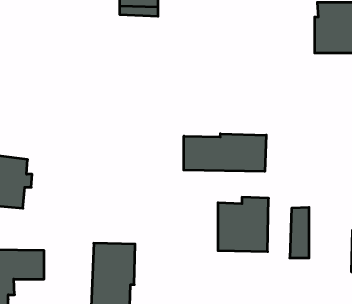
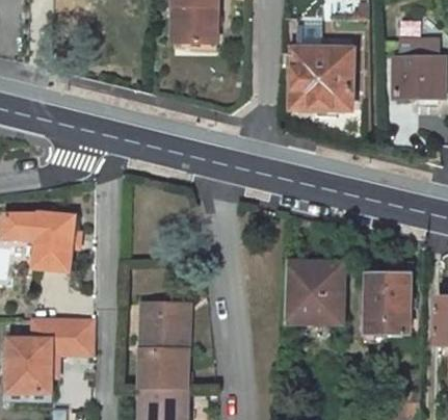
building: none -> [291,46,352,106]
building: [184,134,266,171] -> none
building: none -> [389,270,410,329]

